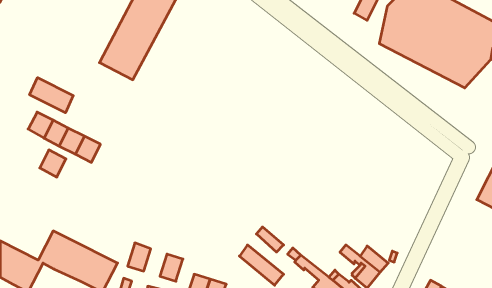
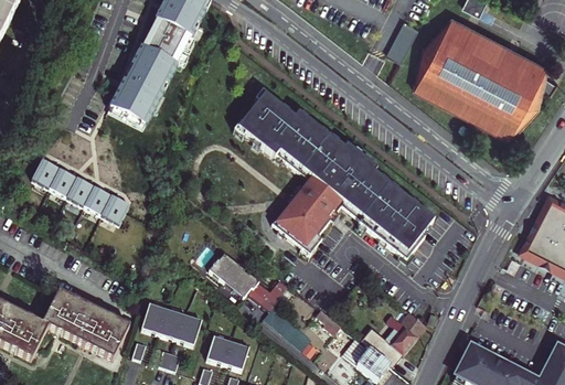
building: none -> [236,94,434,261]
building: [30,78,73,113] -> none
building: [40,150,66,177] -> [100,195,129,225]
building: none -> [207,254,269,303]
building: none -> [158,310,183,340]

